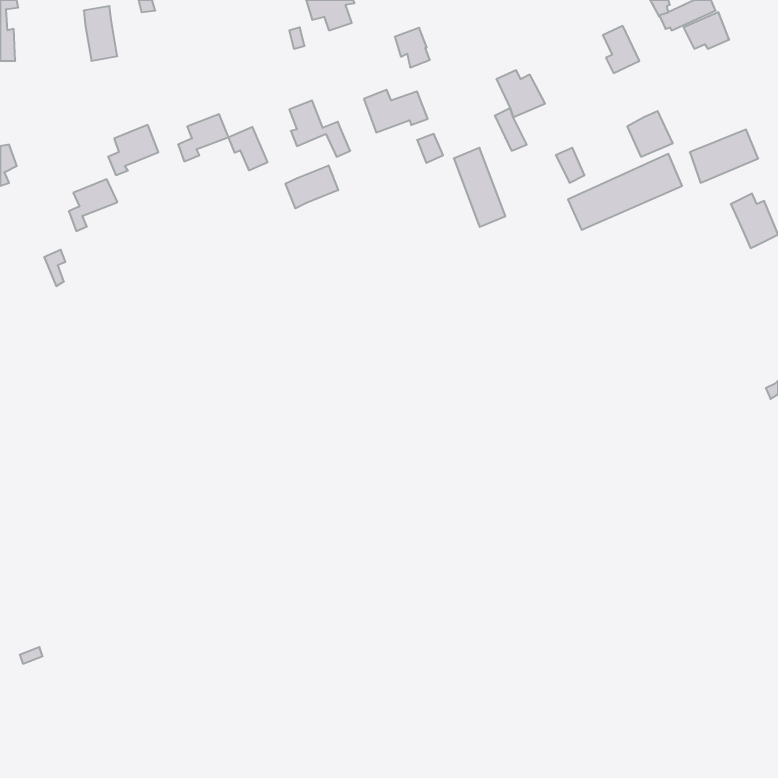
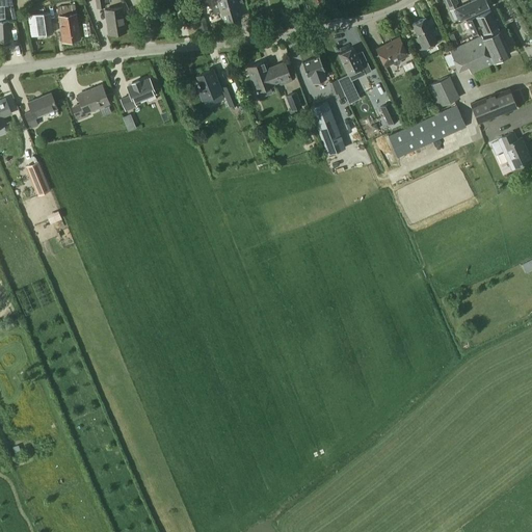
building: none -> [105,7,126,34]
building: none -> [27,11,53,36]
building: [395,28,430,67] -> [302,56,326,83]
building: none -> [450,30,510,73]
building: none -> [377,37,407,66]
building: [228,127,267,170] -> none
building: [286,165,338,208] -> none
building: [69,179,117,231] -> [25,92,58,128]

